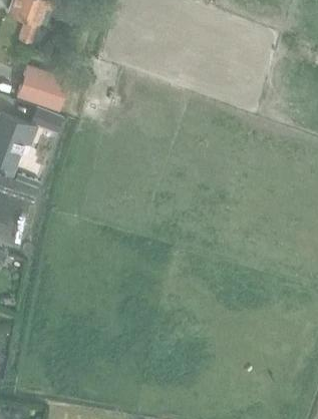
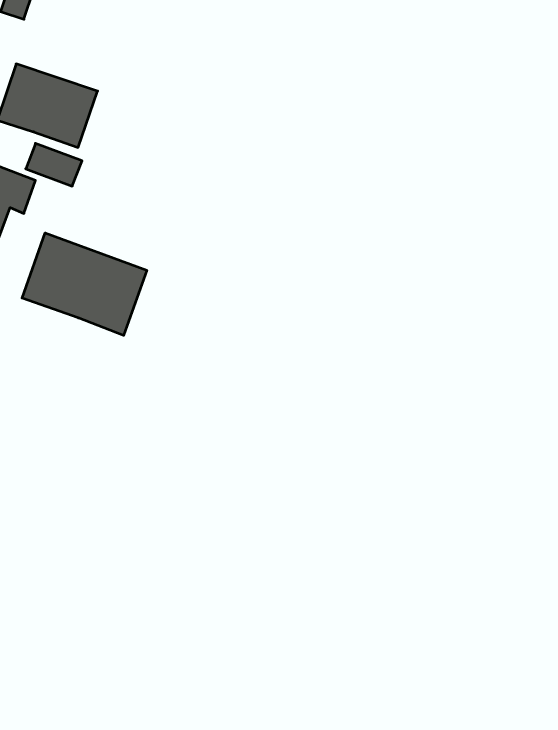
building: none -> [22,233,147,335]

